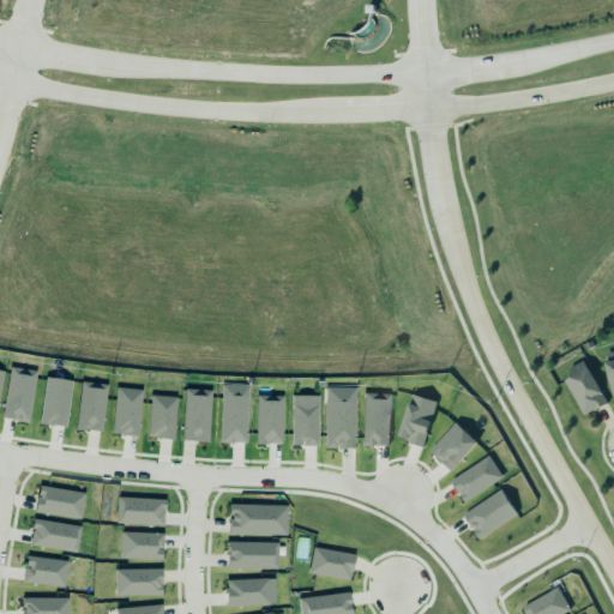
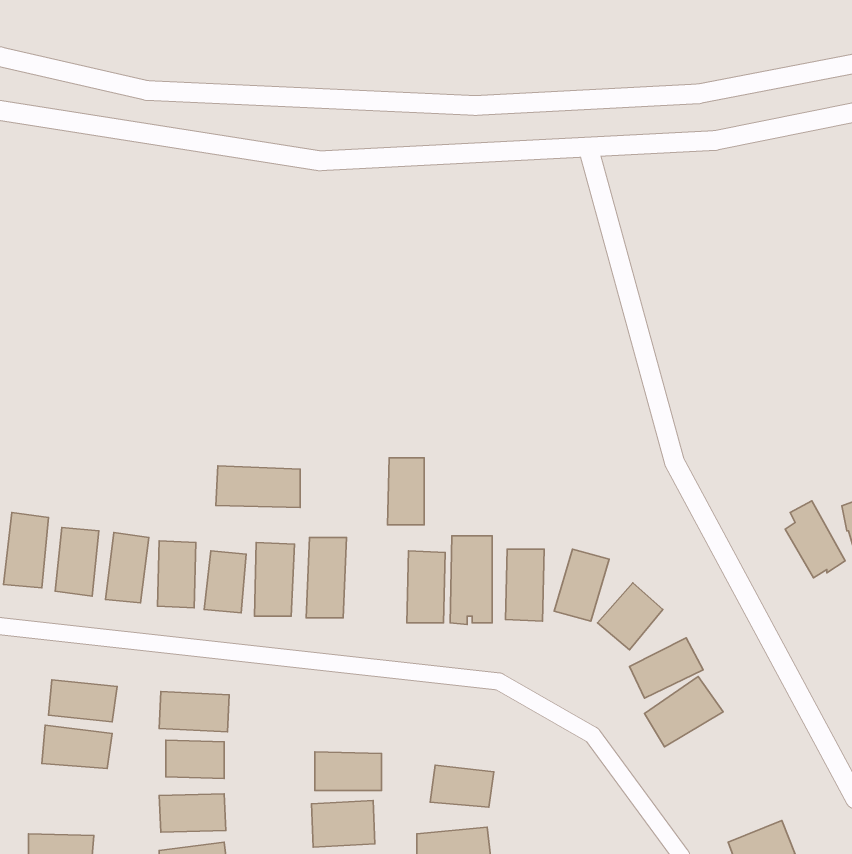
building: none -> [216,466,300,507]
building: [258,397,284,445] -> [387,458,424,525]
building: [230,505,289,536] -> none
building: [25,558,70,588] -> none

